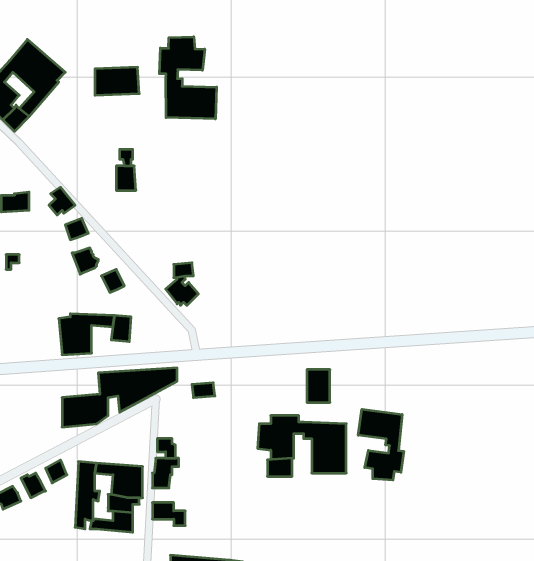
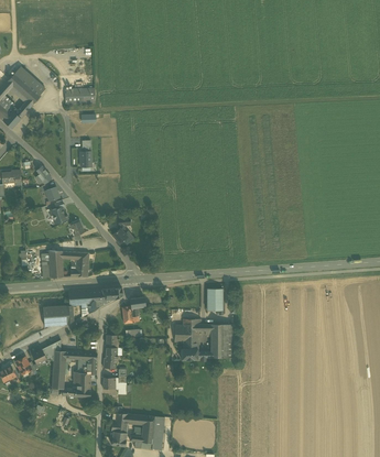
building: [159,37,217,119] -> none
building: [358,409,404,480] -> none

